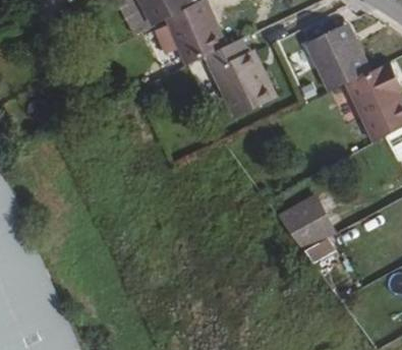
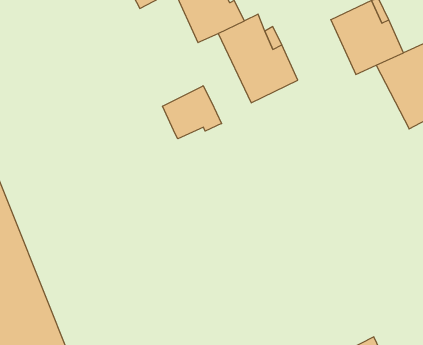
building: none -> [163,86,222,139]
building: [276,196,334,250] -> none

